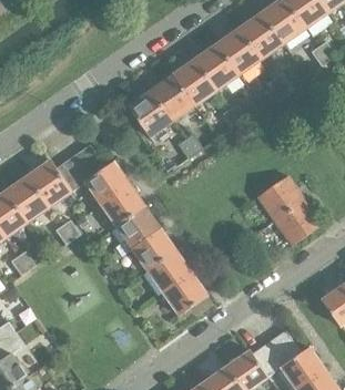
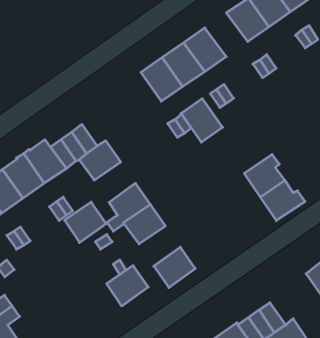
building: [217,29,262,74] -> none
building: [129,91,172,136] -> [181,99,223,142]
building: [102,184,145,226] -> [65,202,106,243]
building: [149,250,192,292] -> [107,266,148,306]

